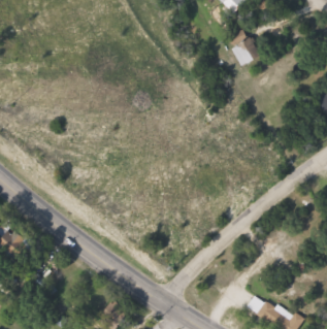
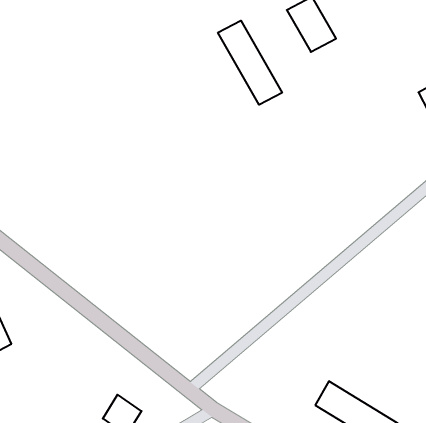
building: none -> [218,21,282,105]

